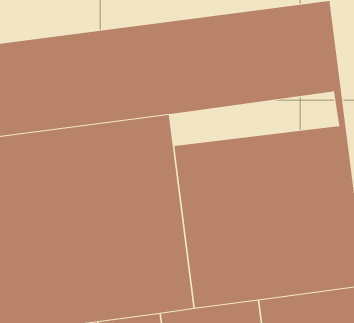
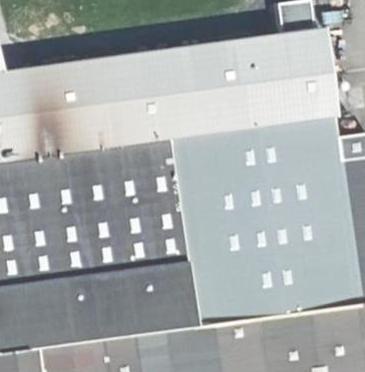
building: none -> [169,115,333,167]

